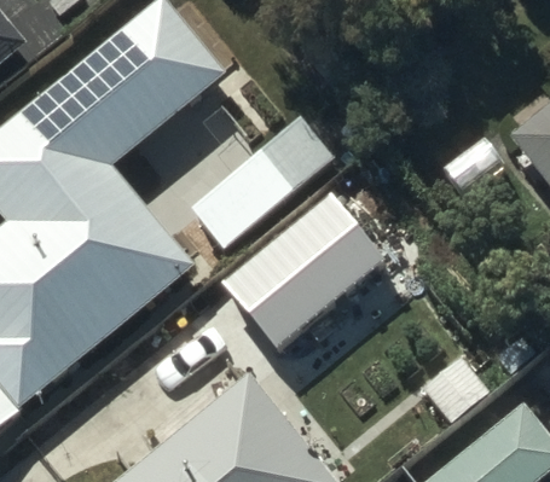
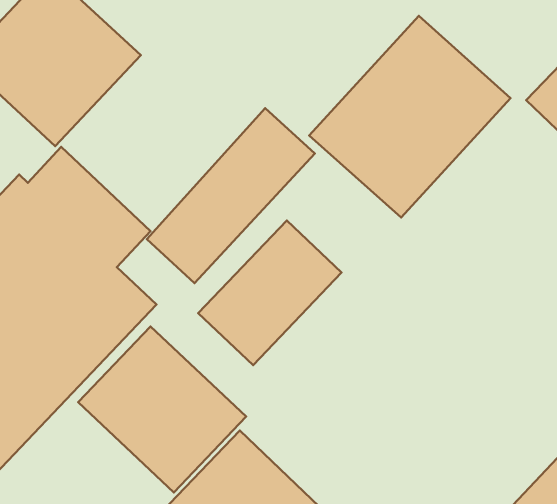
building: none -> [309,16,511,218]
building: none -> [78,327,246,492]

